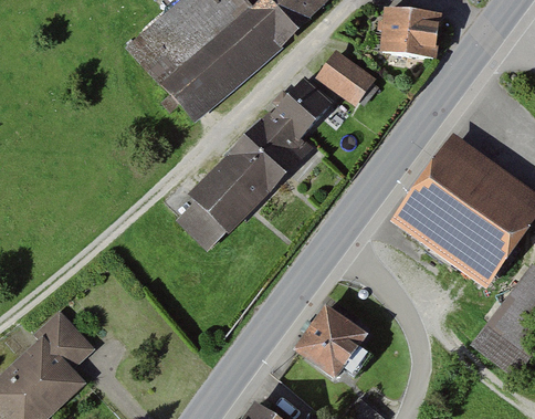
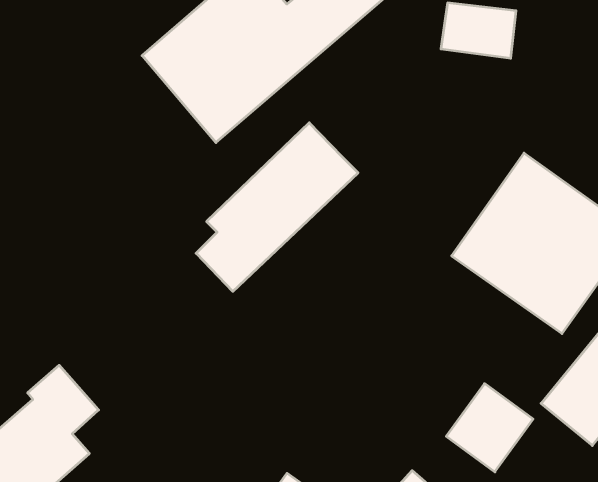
building: [321,49,375,98] -> none
building: [273,75,333,135] -> none
building: [293,307,366,381] -> [446,384,533,472]

